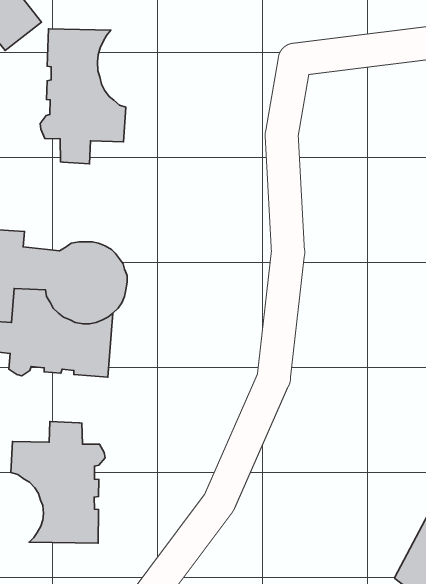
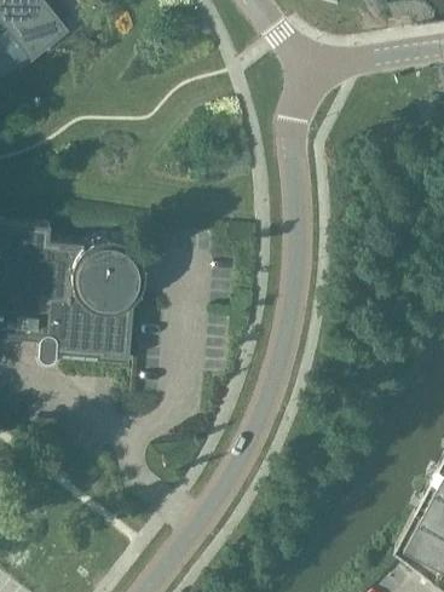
building: [40,29,126,164] -> none
building: [11,421,105,543] -> none

